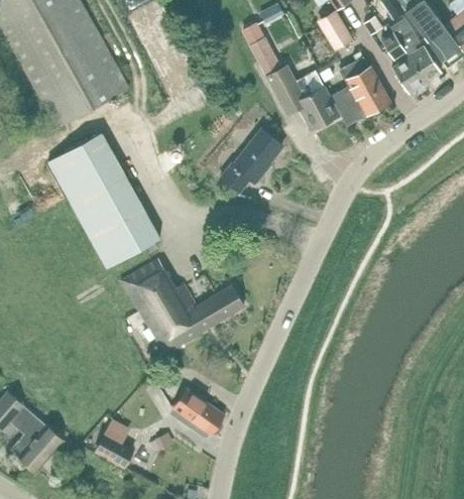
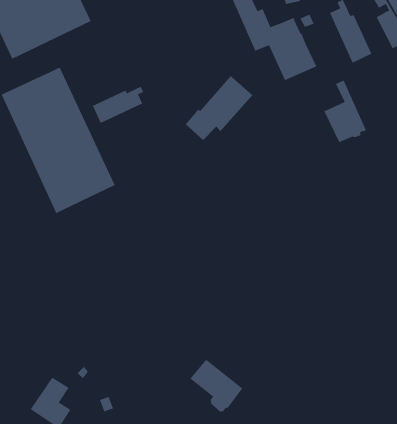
building: [331,66,372,124] -> [323,80,367,143]
building: none -> [92,86,144,124]
building: [121,258,244,354] -> none
building: [173,389,224,438] -> [189,359,243,412]

